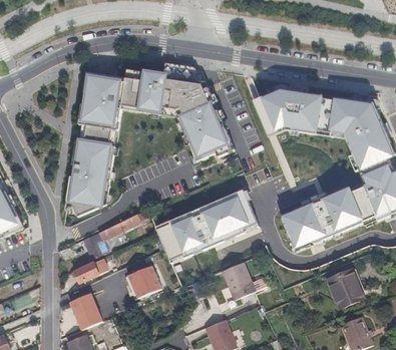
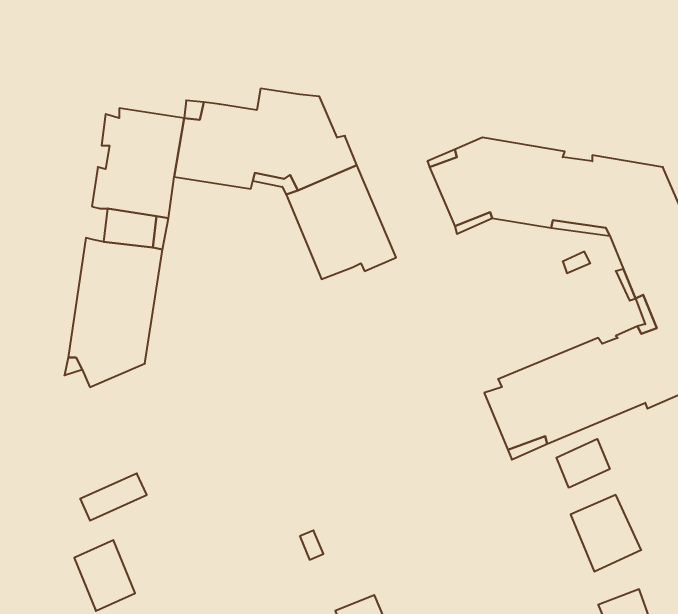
building: [155,189,257,260] -> none
building: [82,213,141,260] -> none
building: none -> [556,439,610,488]
building: [221,262,254,300] -> none
building: [127,265,160,298] -> none

